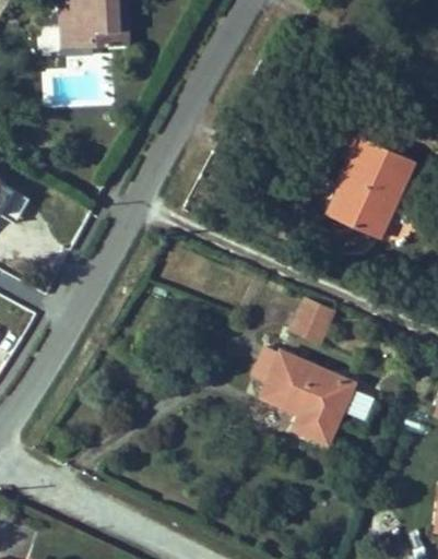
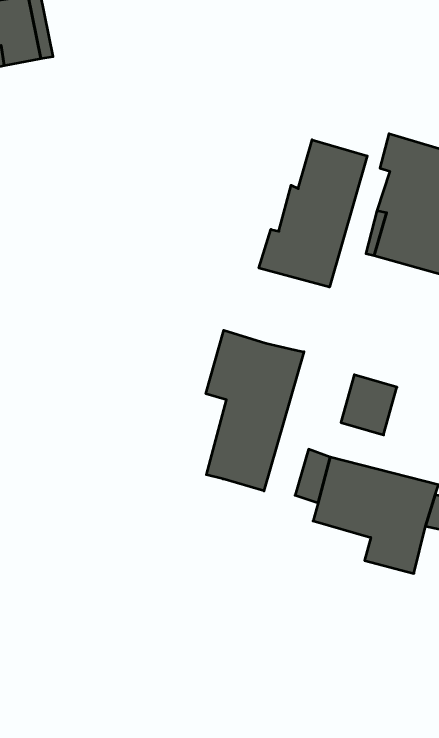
building: none -> [259,140,367,287]
building: none -> [206,330,304,491]

